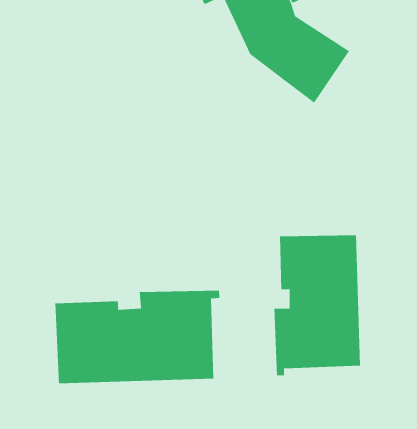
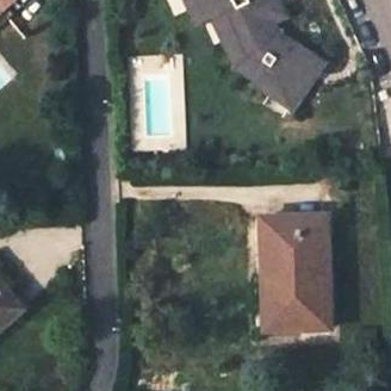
building: [55,290,220,384] -> none

